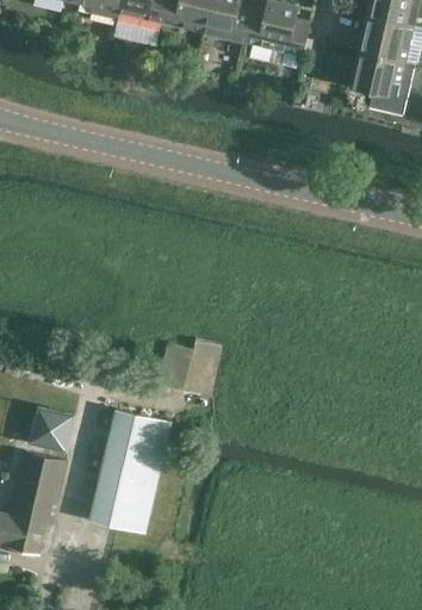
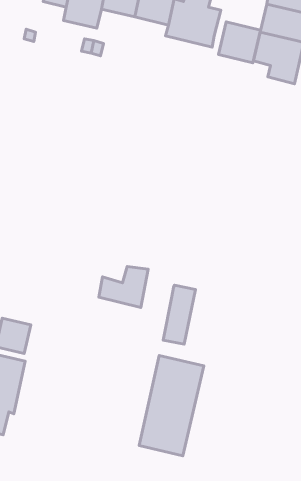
building: none -> [218,22,260,63]
building: none -> [163,285,196,344]
building: [89,406,170,531] -> [139,355,204,456]

